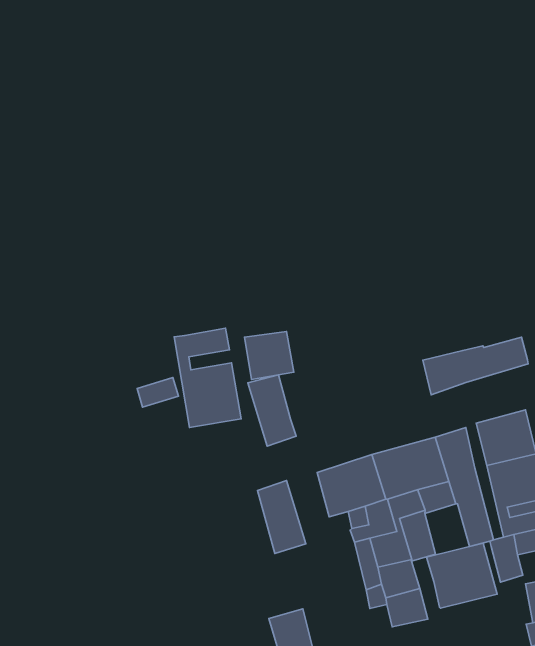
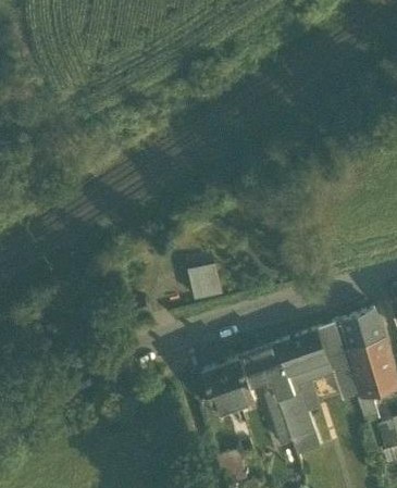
building: [174,328,241,428] -> none
building: [423,337,528,395] -> none
building: [248,375,296,446] -> [222,359,256,405]
building: [426,543,497,608] -> none

